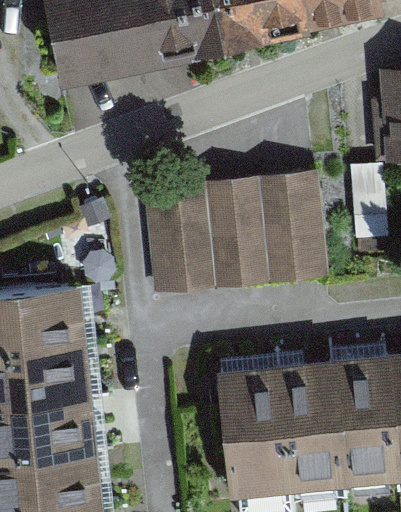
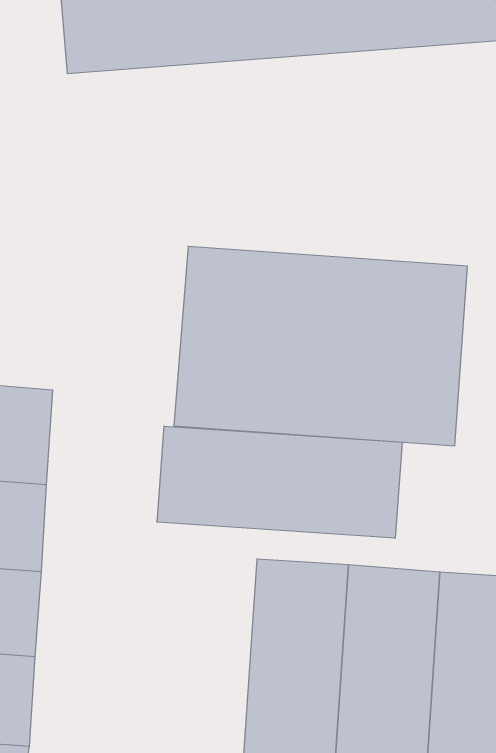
building: none -> [157,426,402,538]

